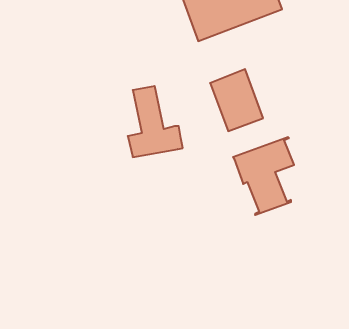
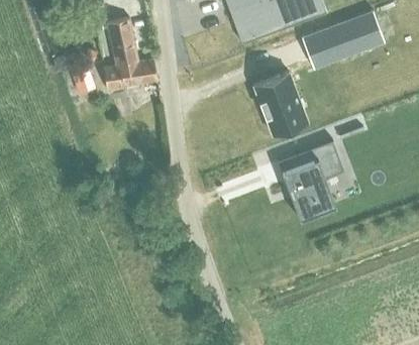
building: none -> [301,11,384,69]
building: [128,86,183,157] -> [102,19,158,91]

